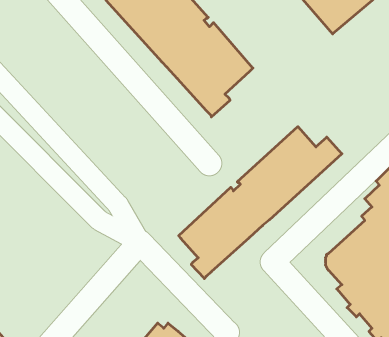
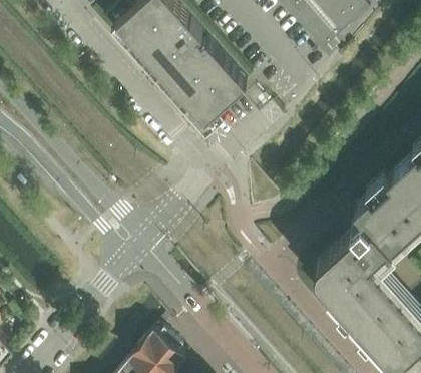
building: [179,127,342,279] -> none

